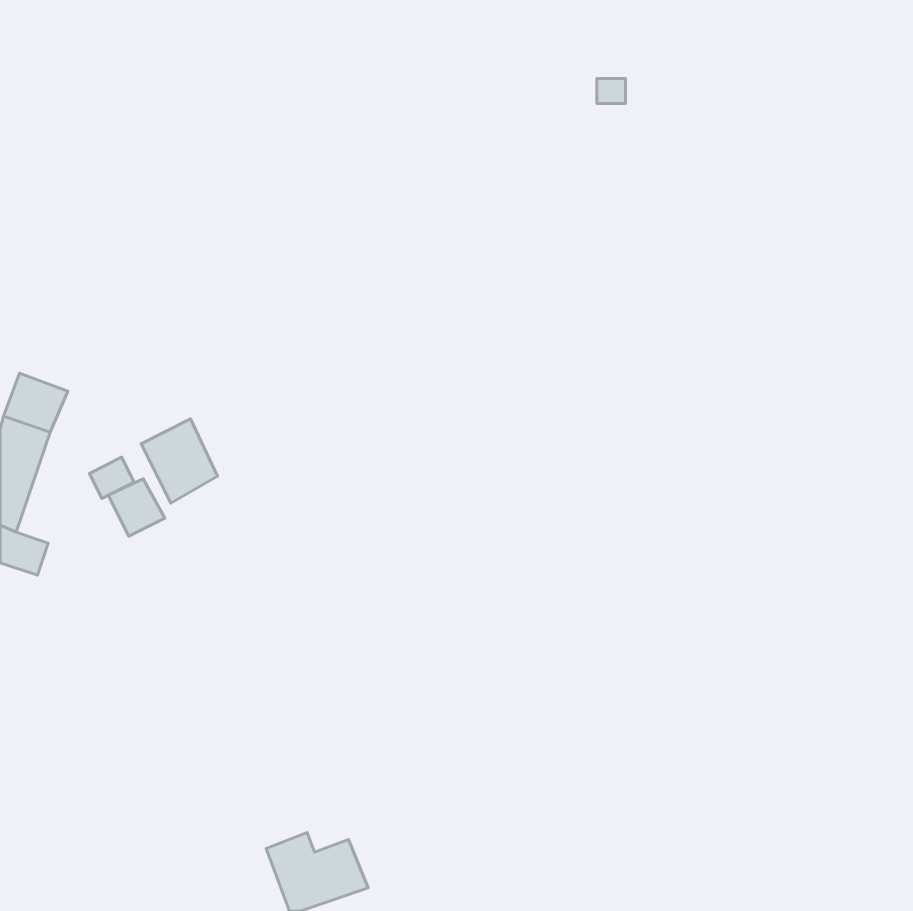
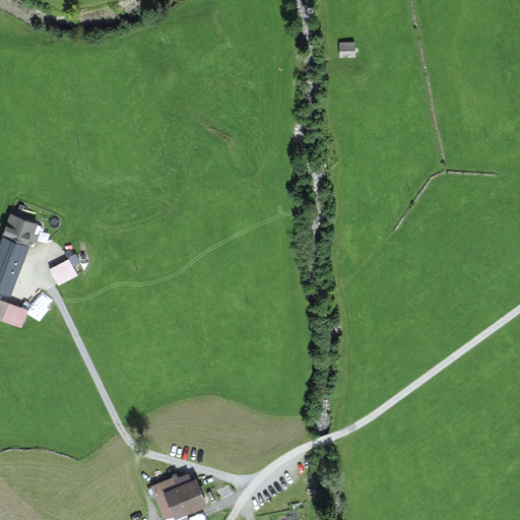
building: [141,419,218,503] -> none
building: [108,479,165,536] -> none

